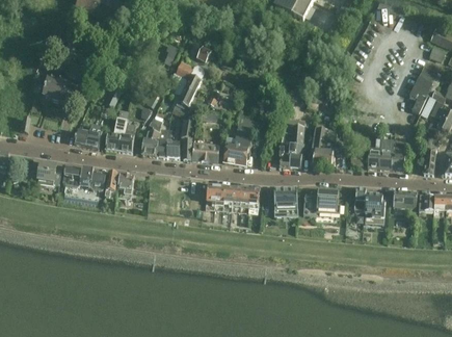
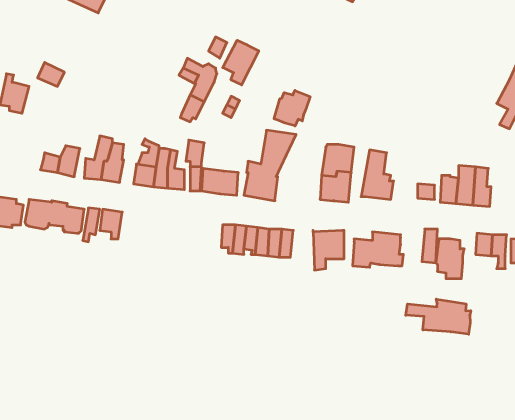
building: none -> [223,40,259,85]
building: none -> [274,90,310,126]
building: none -> [406,299,471,334]

